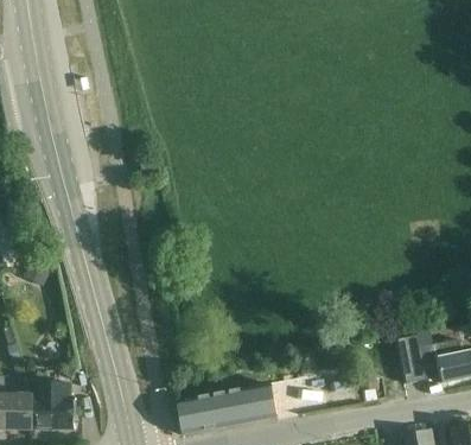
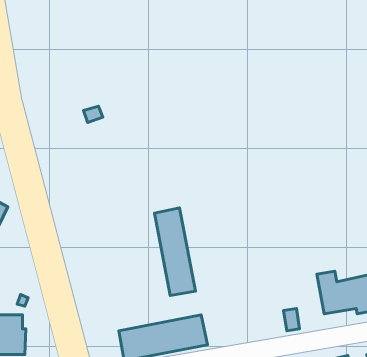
building: none -> [154,208,196,296]

